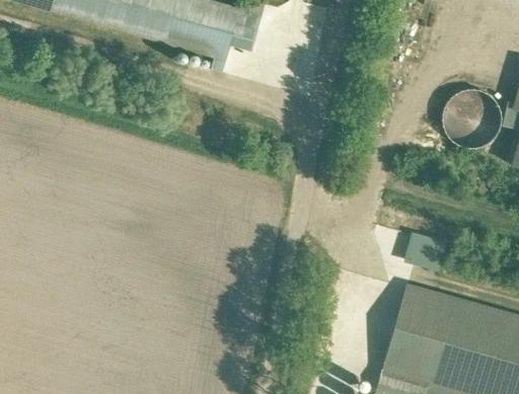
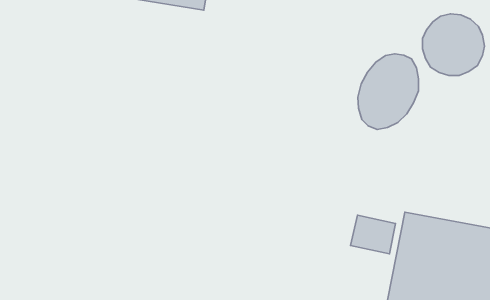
building: none -> [358,54,419,130]
building: [394,232,441,273] -> [351,215,395,254]

